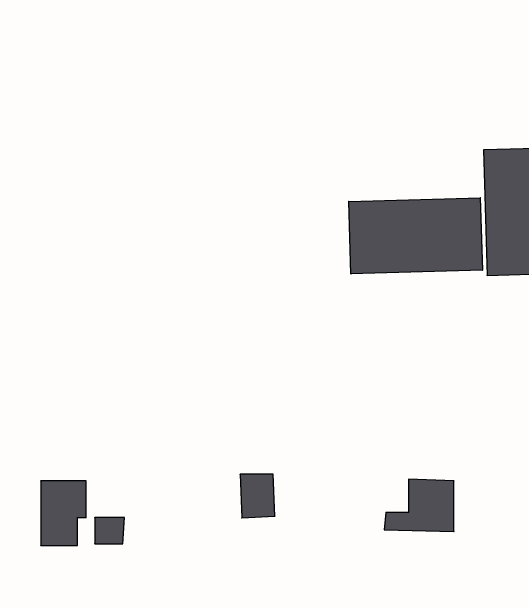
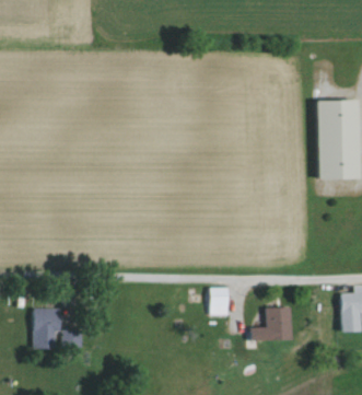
building: [349,198,482,274] -> none
building: [240,474,275,518] -> [209,288,231,315]

